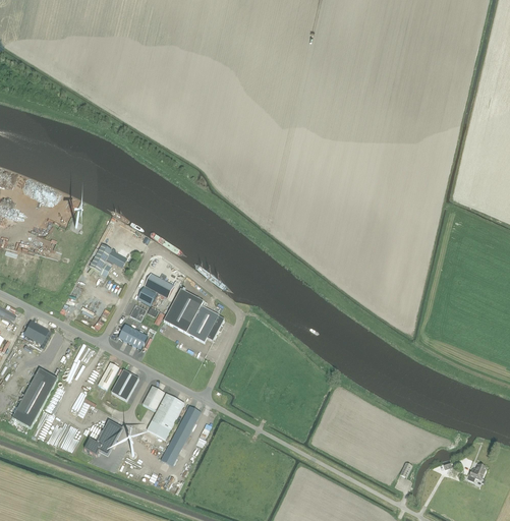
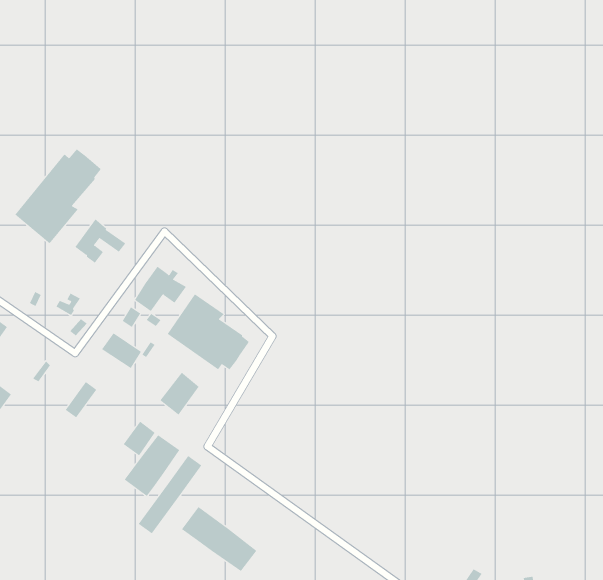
building: none -> [14,148,101,244]
building: [110,368,137,400] -> [159,372,199,415]
building: [83,419,121,455] -> none
building: none -> [181,506,257,572]

